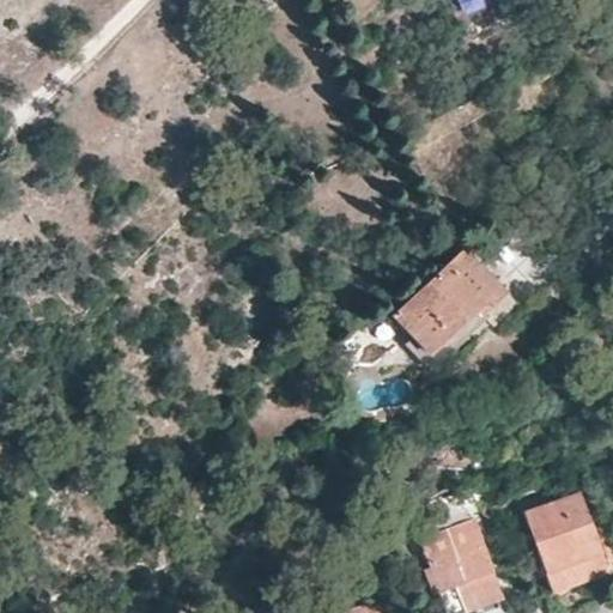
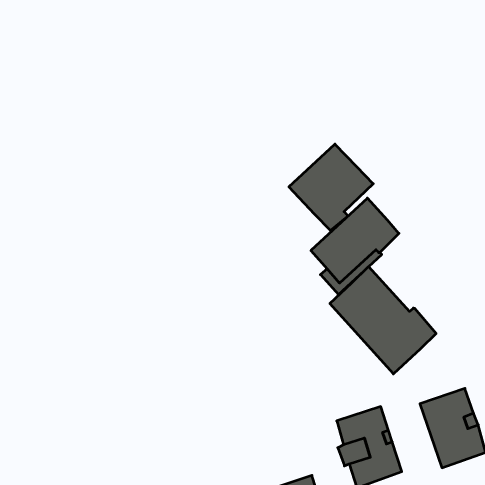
building: none -> [289,144,373,231]
building: none -> [330,267,436,374]

